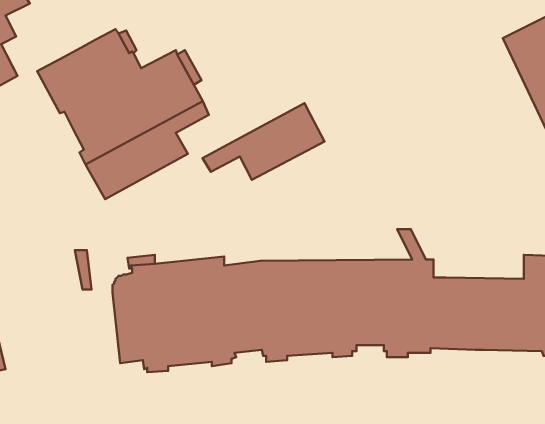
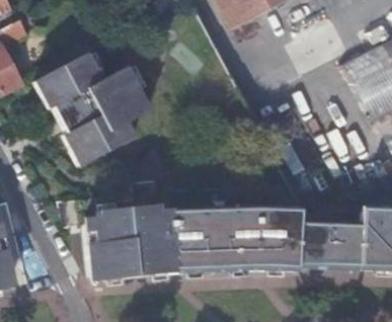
building: [203,103,324,180] -> none

